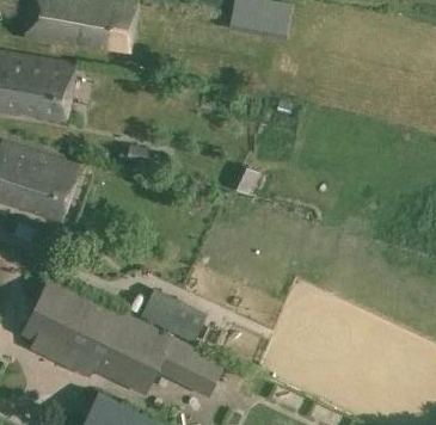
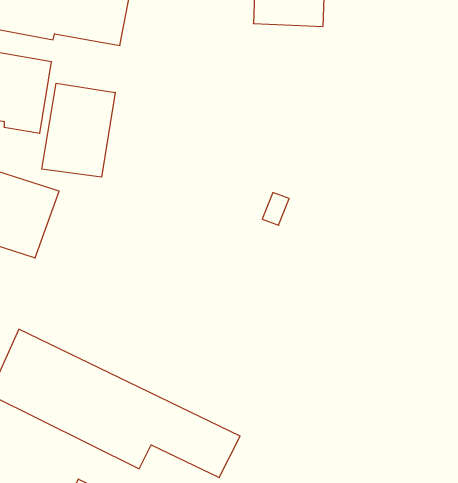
building: none -> [42,83,115,177]
building: [147,294,211,341] -> none

